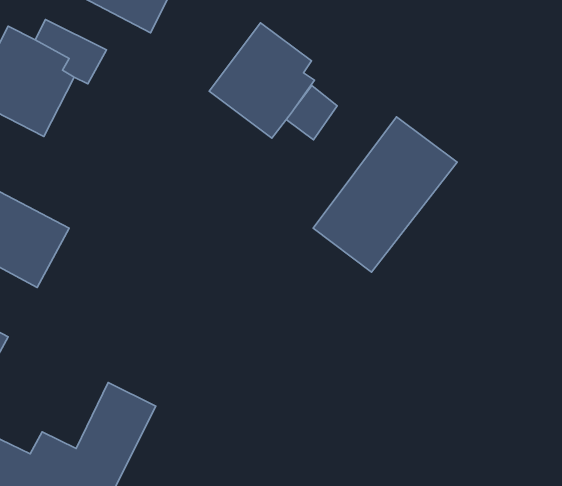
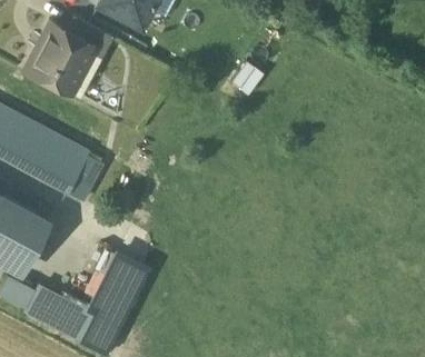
building: [209,23,314,138] -> none
building: [313,117,457,272] -> none
building: none -> [68,161,102,200]

